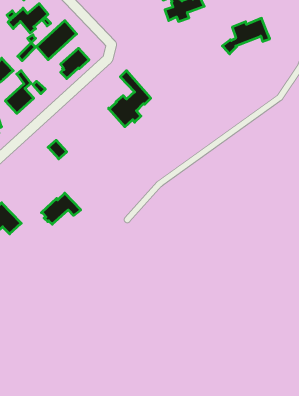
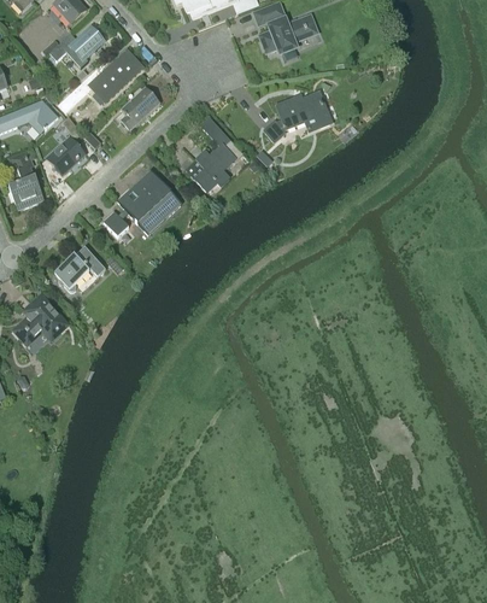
building: [222,18,270,54] -> [264,92,328,140]
building: none -> [118,170,181,234]
building: [41,193,81,224] -> [53,246,106,288]

